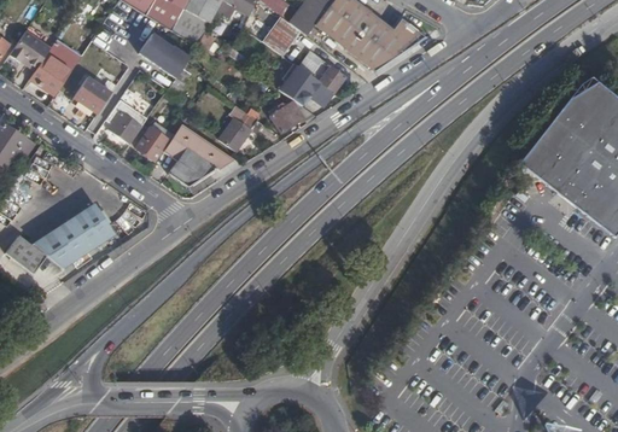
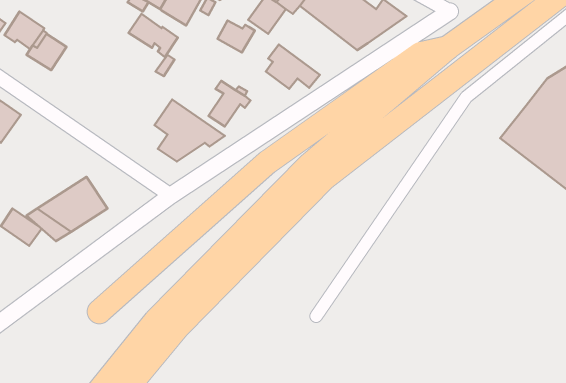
building: none -> [217,21,255,53]
building: [311,59,346,92] -> none
building: [74,76,112,113] -> none
building: [268,100,315,135] -> none
building: [107,109,142,146] -> none
building: [136,122,174,159] -> none

